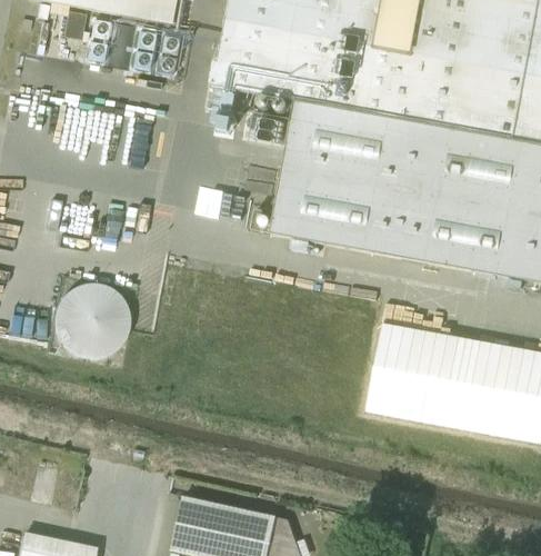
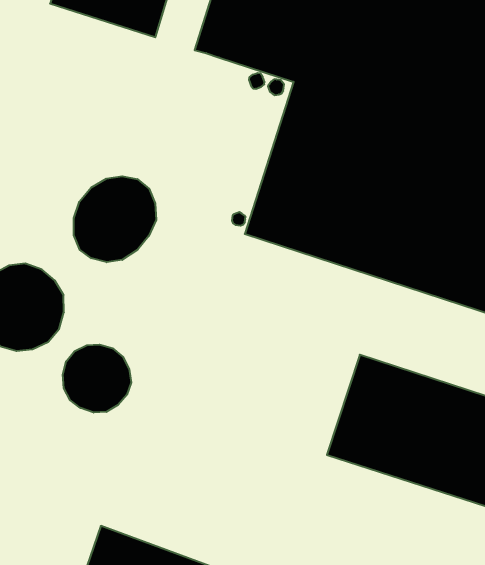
building: none -> [74,176,156,262]
building: none -> [63,345,131,413]

